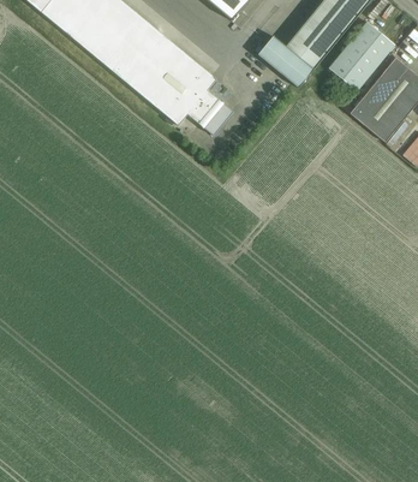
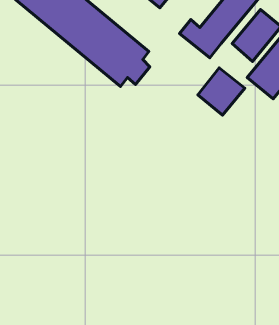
building: [198,97,233,133] -> none
building: none -> [198,68,245,115]

